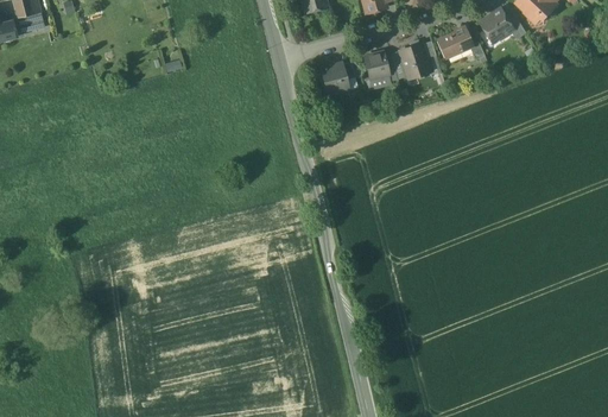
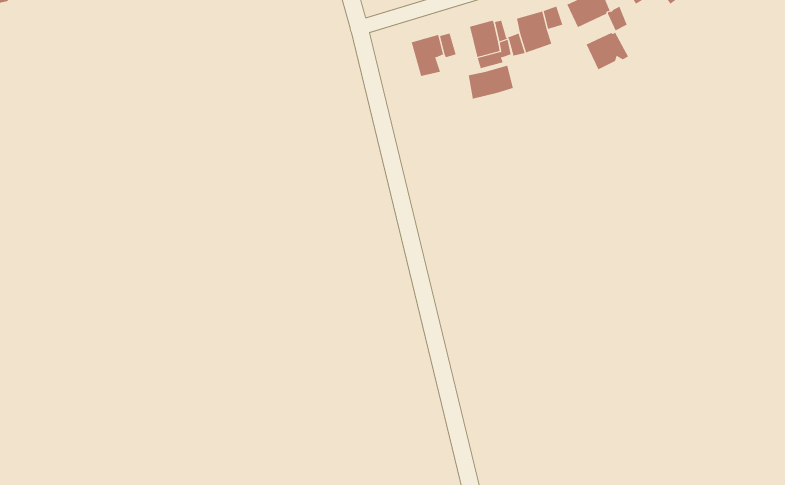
building: none -> [586,31,629,70]
building: none -> [468,65,513,99]

